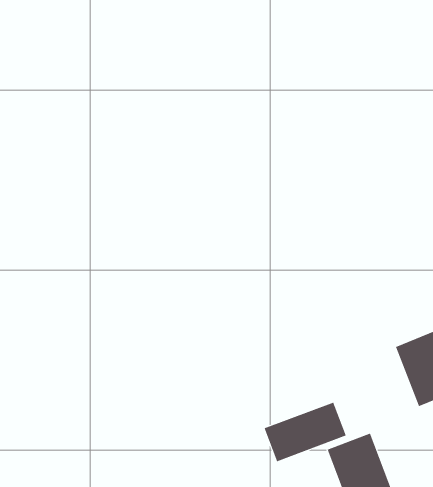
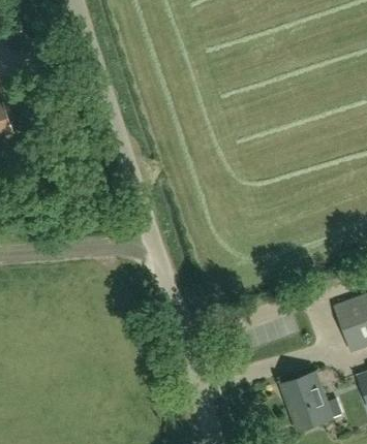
building: [264,402,347,462] -> none

